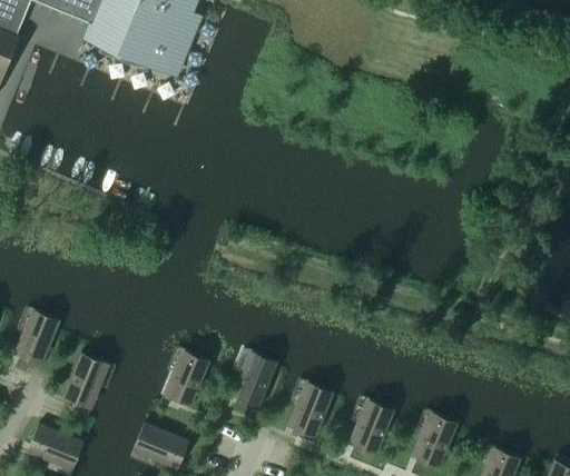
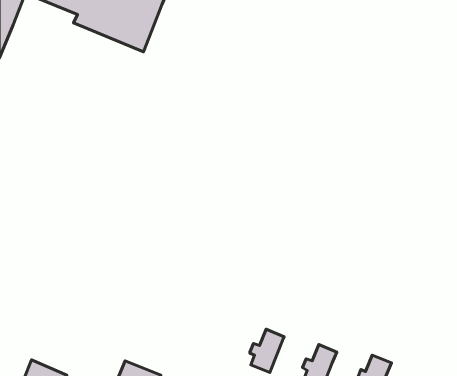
building: [17,315,58,366] -> none
building: [61,356,100,407] -> none
building: [167,356,207,406] -> none
building: [235,356,275,407] -> none

